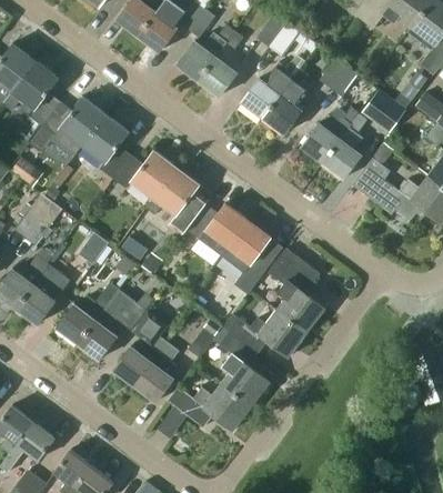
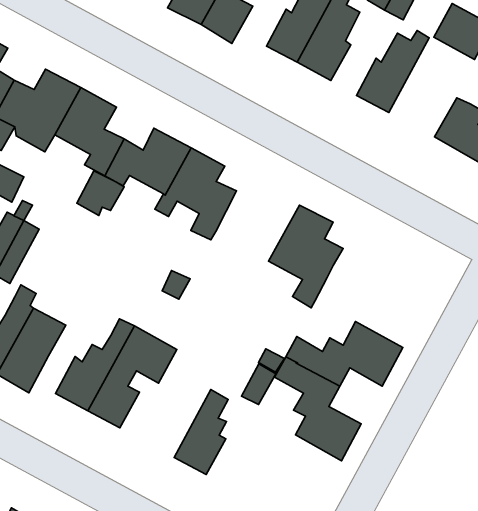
building: [322,114,368,179] -> none
building: [187,202,249,256] -> none
building: [78,233,113,265] -> [77,171,124,215]
building: [266,248,325,332] -> none
building: [112,310,168,386] -> none
building: [168,383,252,431] -> none

